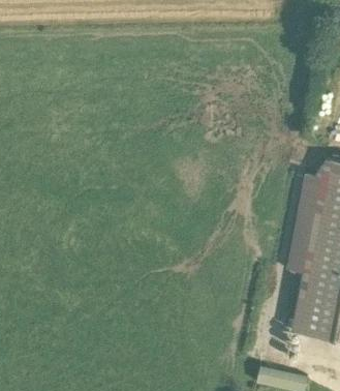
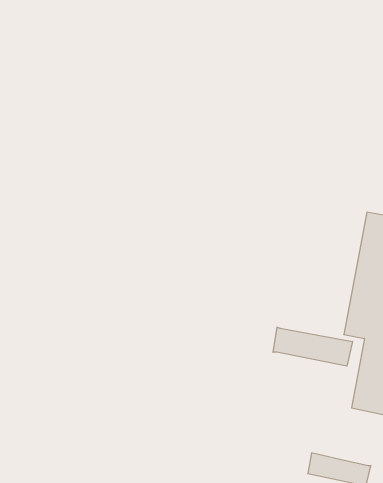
building: none -> [273,327,352,366]

